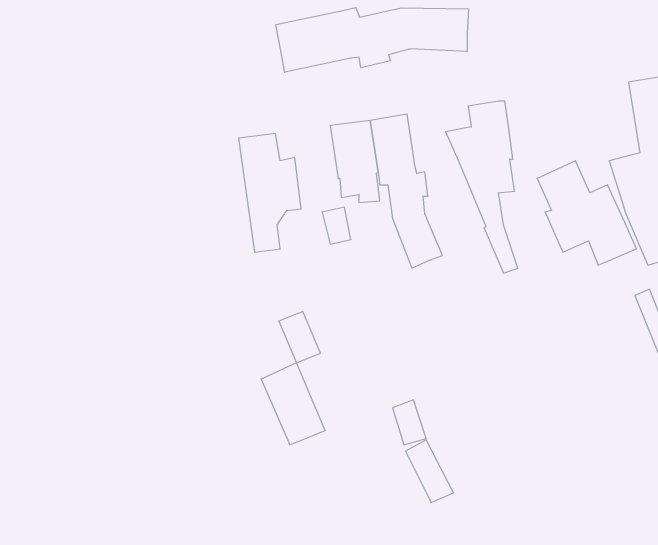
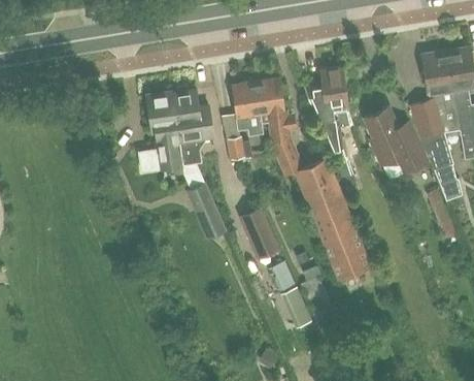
building: [276,7,469,72] -> none
building: none -> [147,91,182,167]
building: none -> [295,157,371,278]
building: [261,363,325,445] -> [238,205,279,258]

